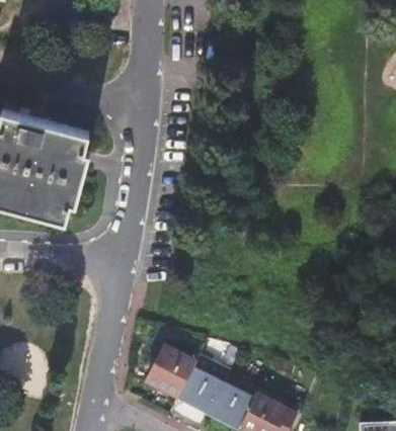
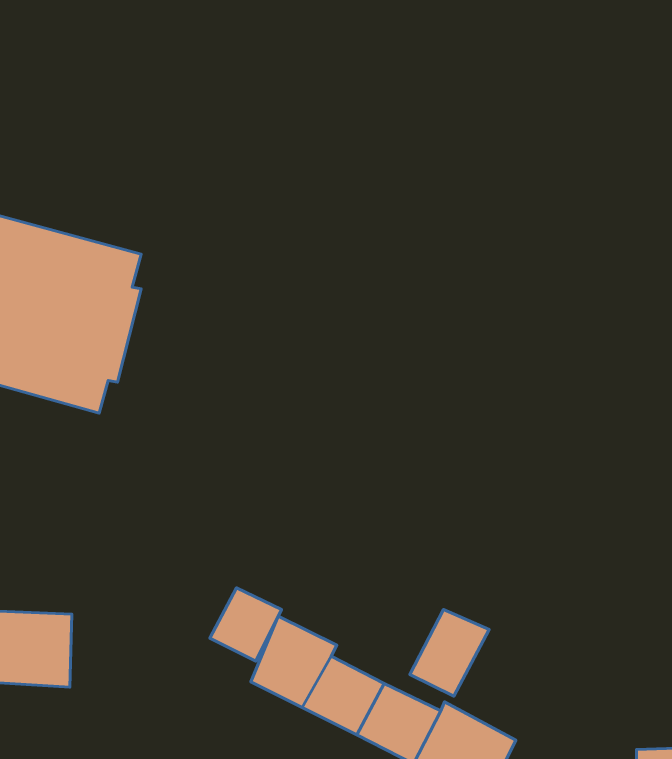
building: none -> [210,588,281,661]
building: none -> [410,609,489,696]

